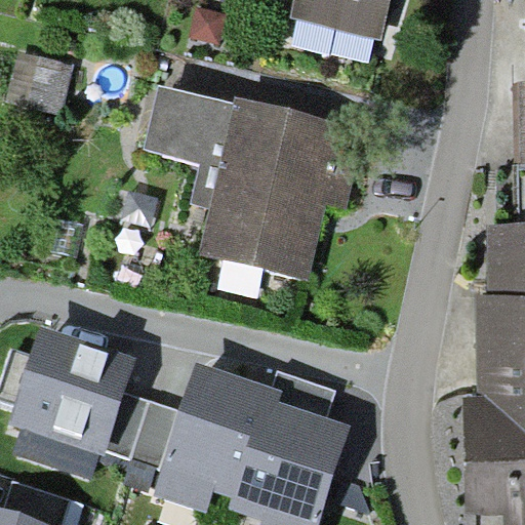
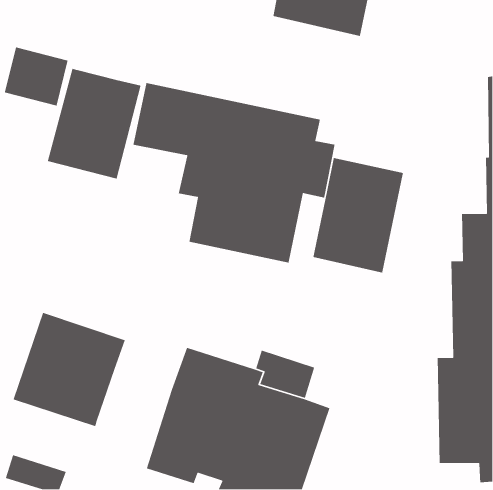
building: none -> [47,68,141,180]
building: none -> [312,157,404,274]
building: [104,392,181,467] -> none

